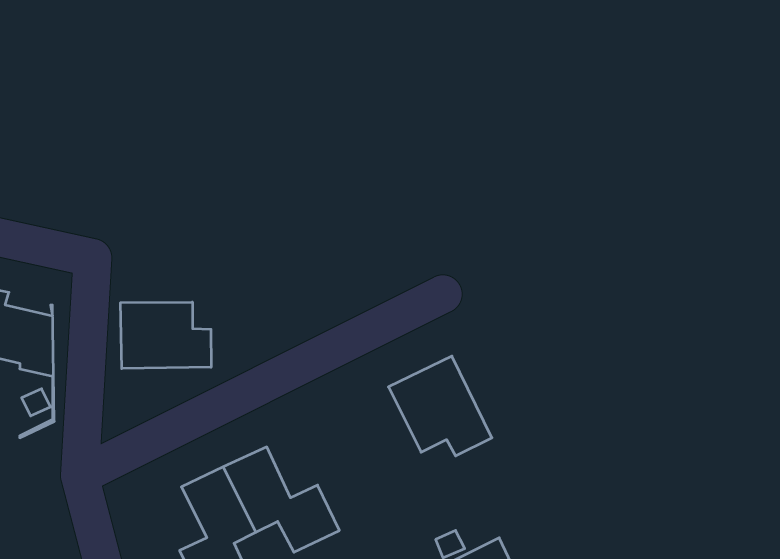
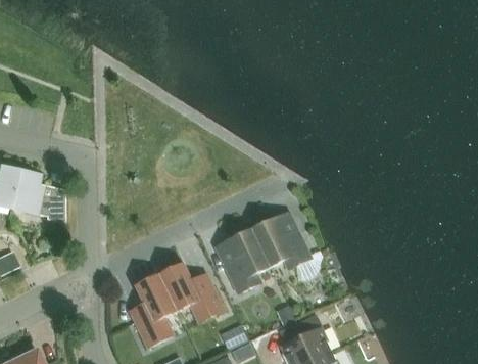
building: [121,302,211,369] -> none
building: none -> [216,229,270,292]

